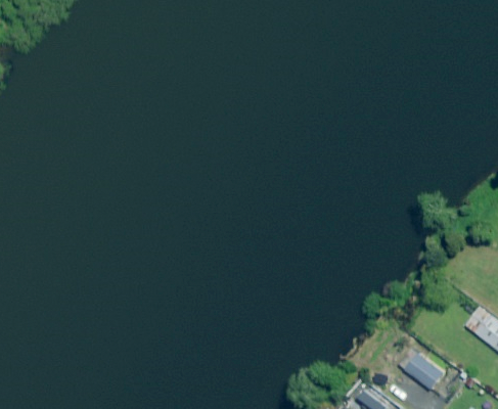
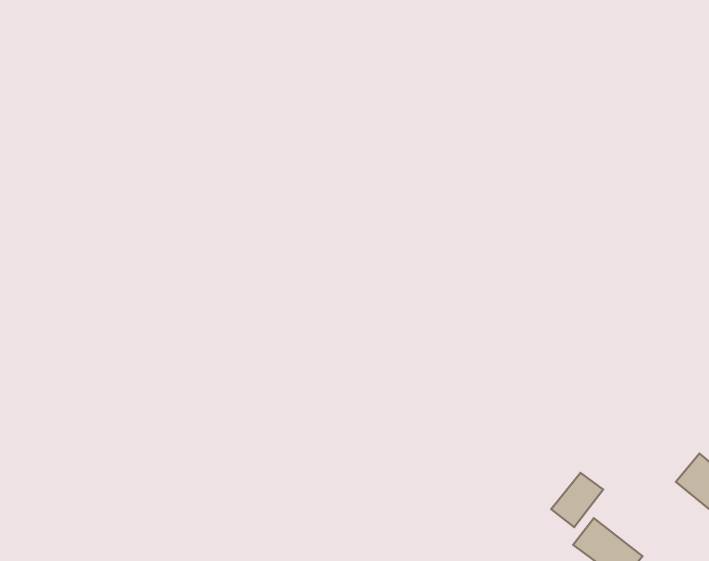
building: none -> [551,473,603,527]

